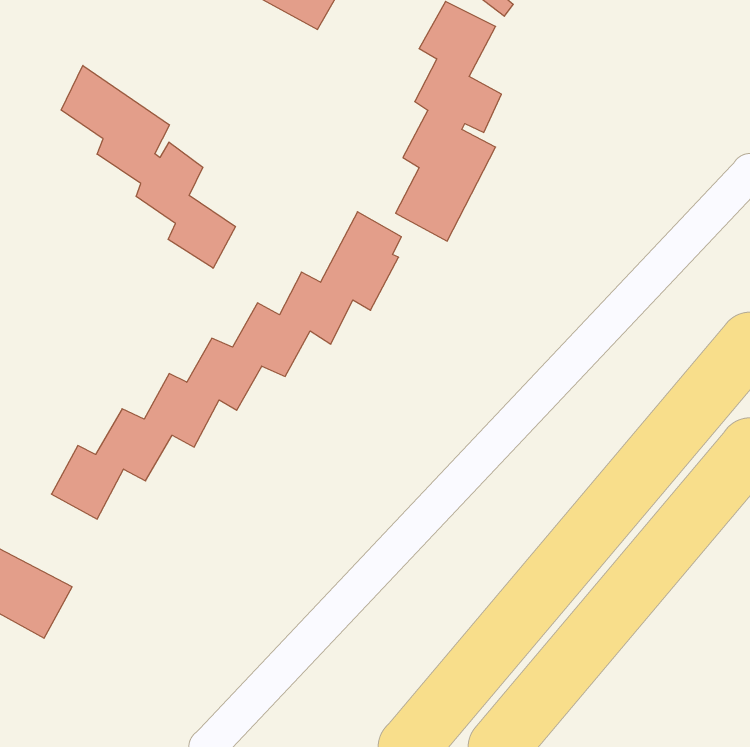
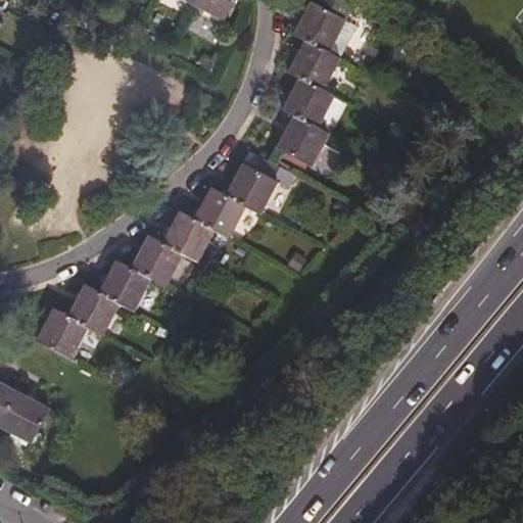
building: [61,65,235,268] -> none

